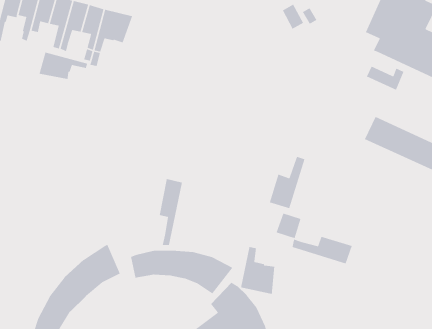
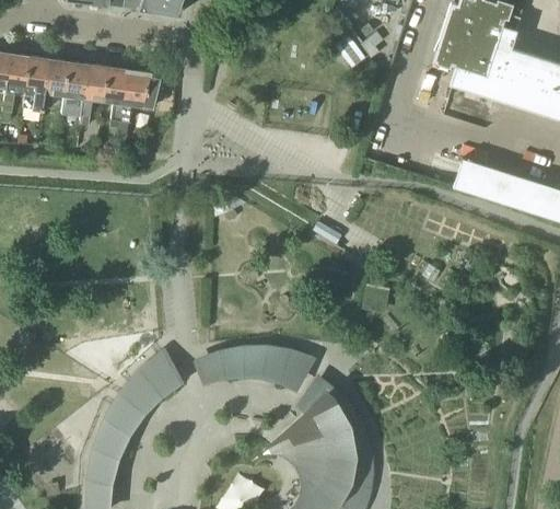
building: [38,51,88,80] -> none
building: [269,156,305,209] -> none
building: [159,178,183,246] -> none
building: [292,236,353,264] -> none
building: [240,246,275,295] -> none

